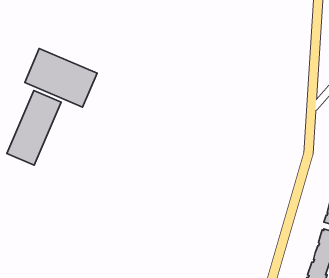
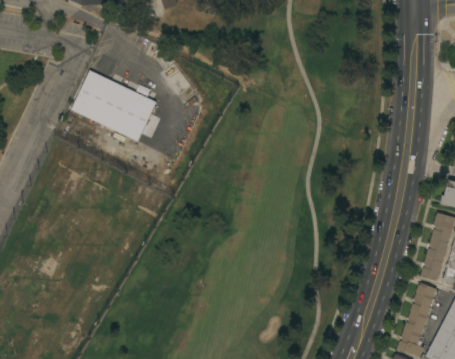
building: [7,90,61,165] -> none

